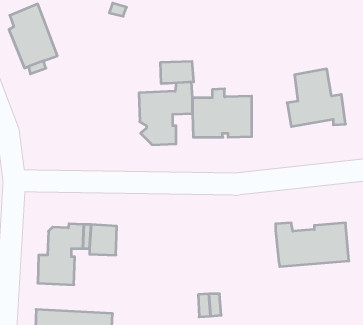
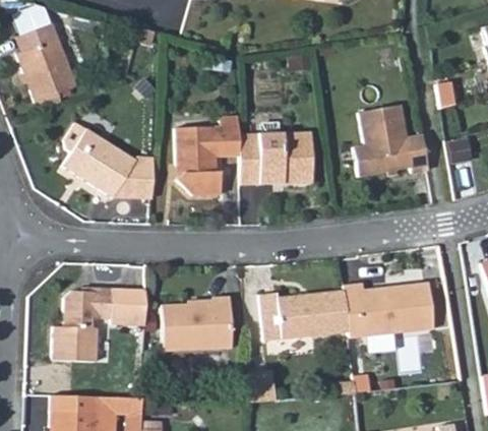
building: [161,61,194,84] -> none
building: none -> [63,118,155,194]
building: none -> [259,295,347,343]
building: none -> [162,299,231,351]

